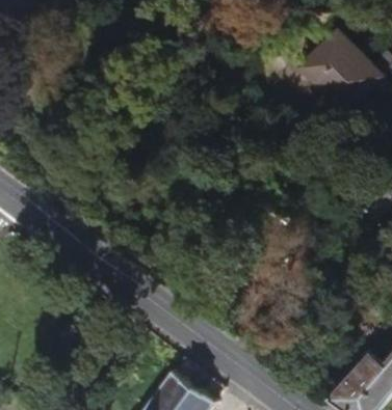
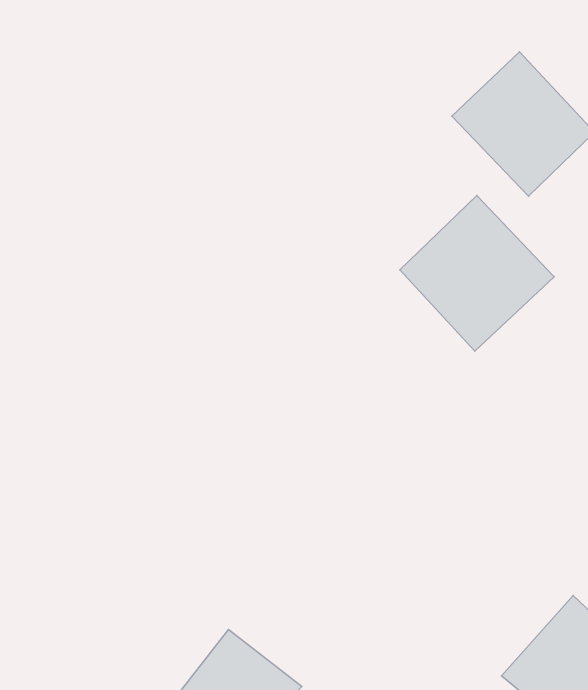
building: none -> [400,196,554,351]

